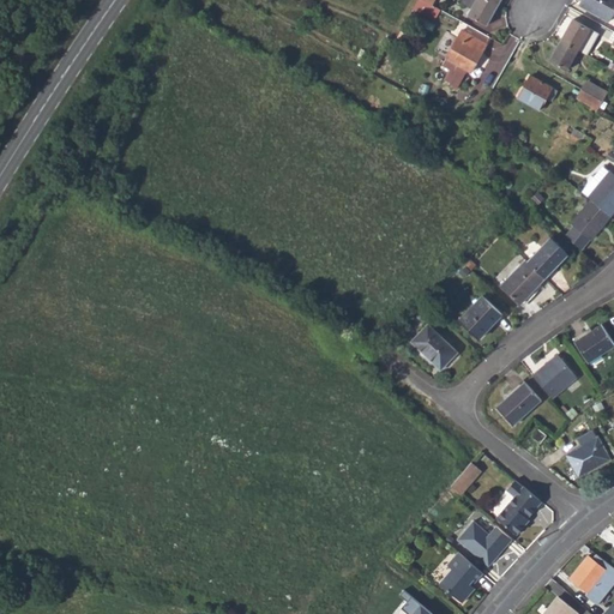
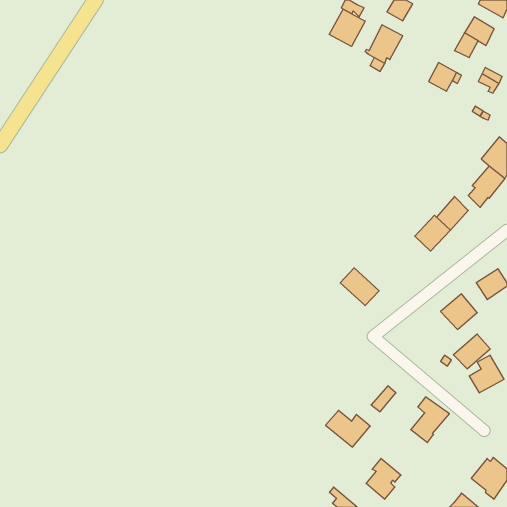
building: none -> [329,9,365,46]
building: [458,295,502,339] -> none
building: [496,383,541,425] -> [453,334,490,369]
building: [458,523,512,567] -> [326,410,370,447]

